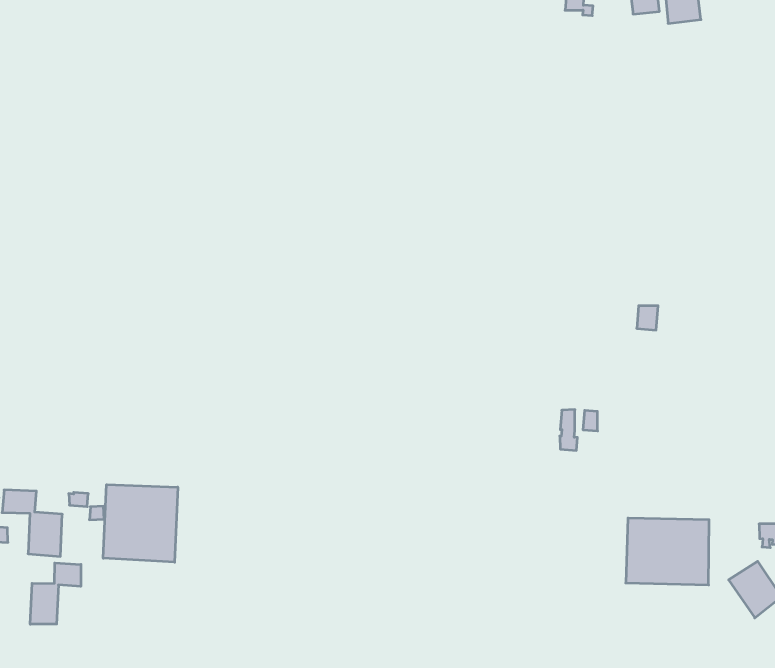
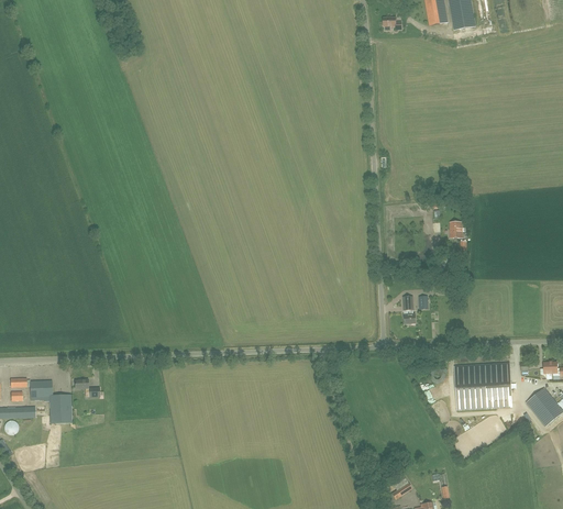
building: [103,485,178,562] -> none
building: [30,563,81,624] -> none

